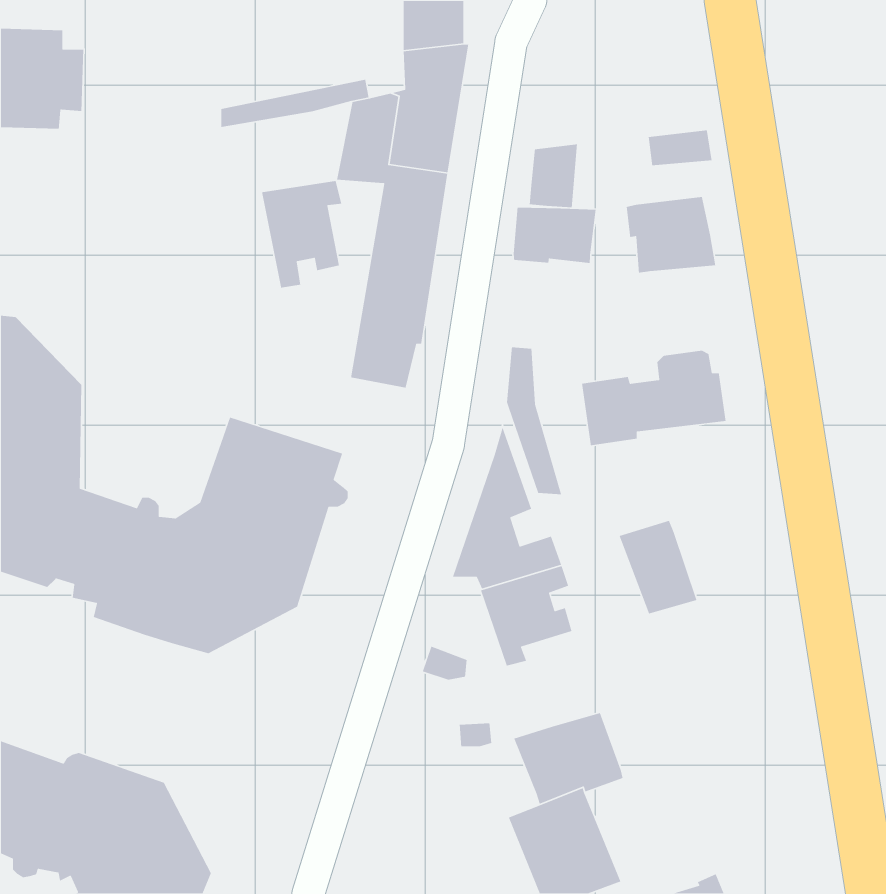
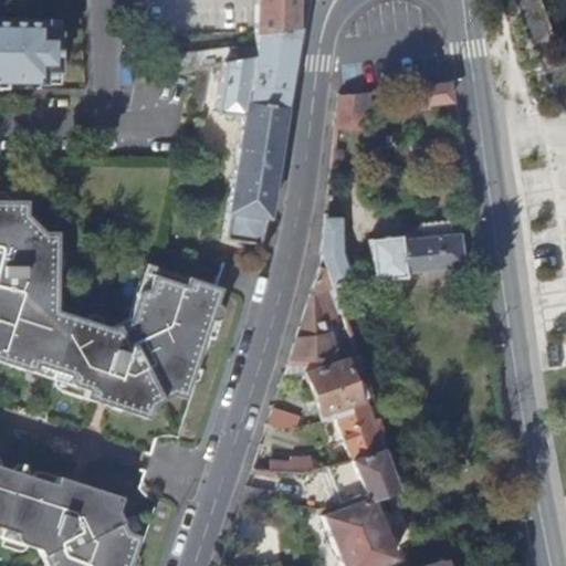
building: [261,180,342,289] -> none
building: [626,196,716,273] -> none
building: [513,207,597,264] -> none
building: [619,520,697,614] -> [335,399,385,459]

